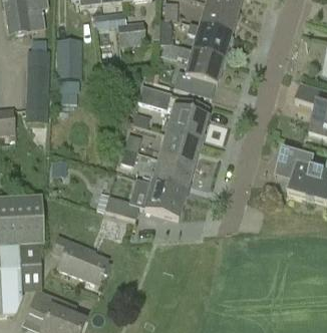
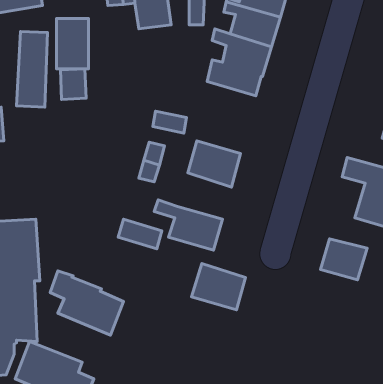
building: [137,84,171,109] -> none
building: [166,95,209,143] -> none
building: [150,158,193,195] -> [191,263,245,310]
building: none -> [321,239,367,280]

